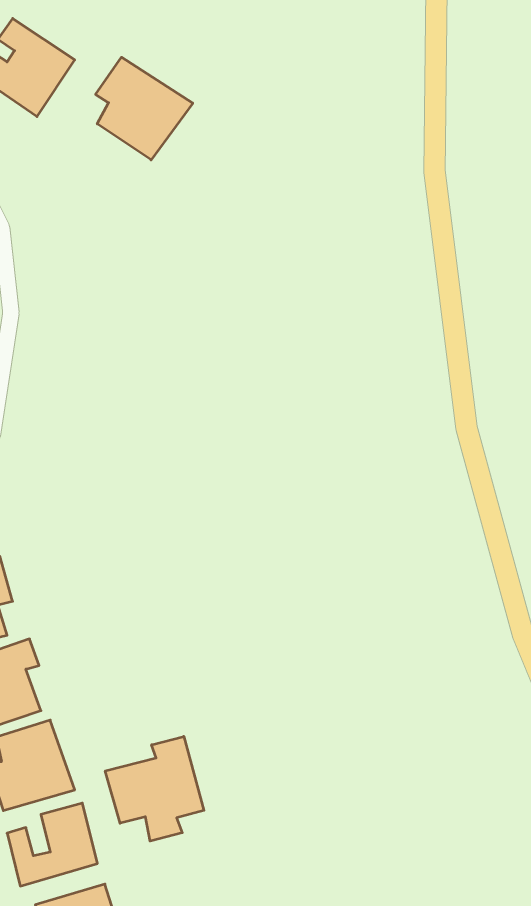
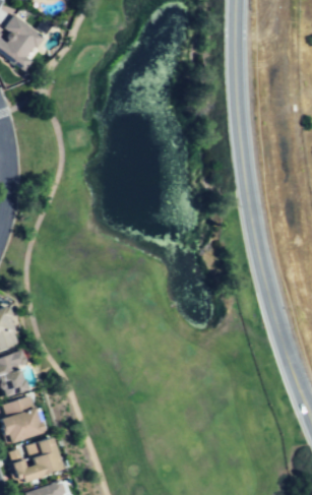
building: [96,57,193,160] -> none
building: [105,736,204,841] -> none

